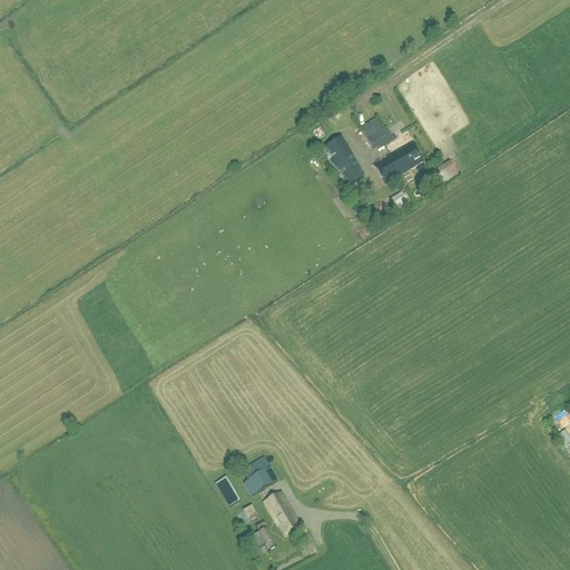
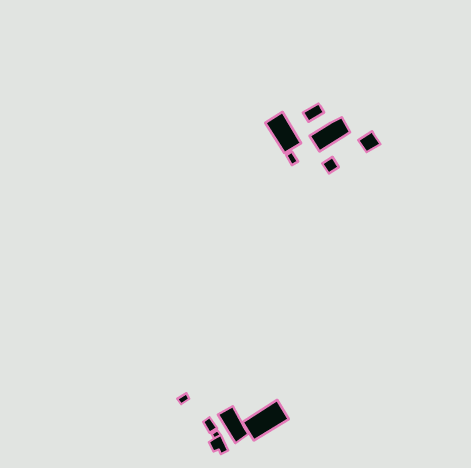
building: [242,464,276,494] -> none
building: none -> [242,400,289,440]

